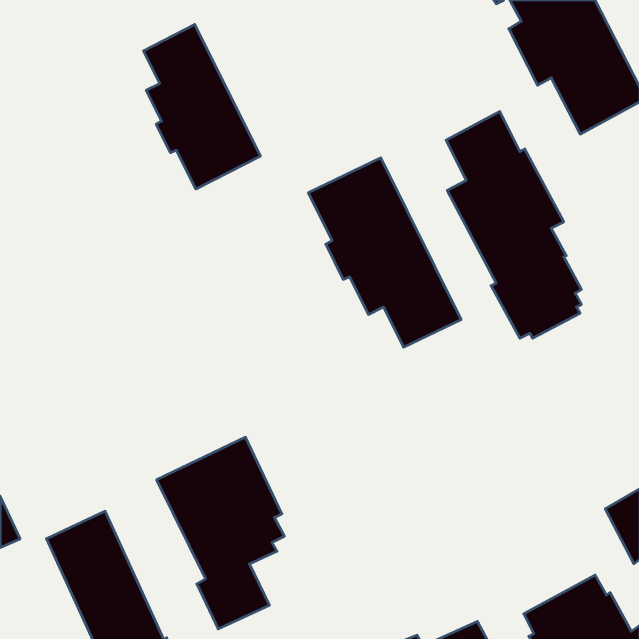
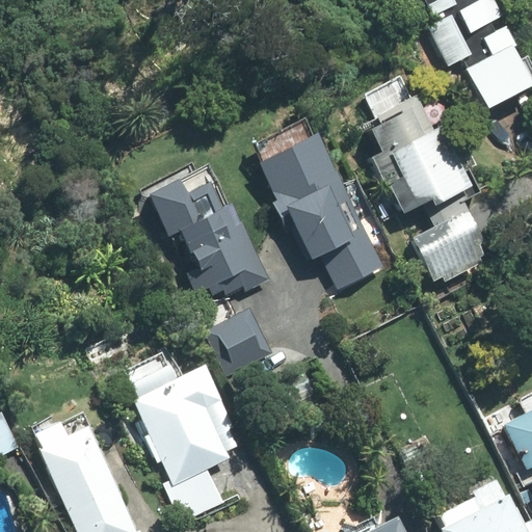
building: [144,24,260,189] -> none
building: none -> [145,177,270,297]
building: none -> [203,308,274,378]

